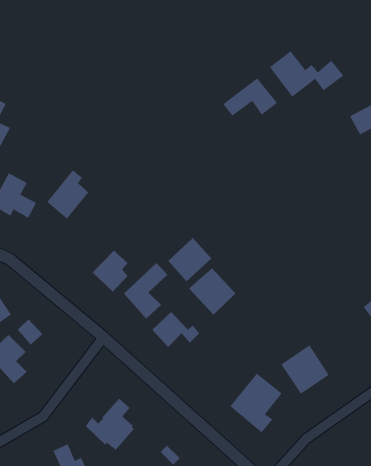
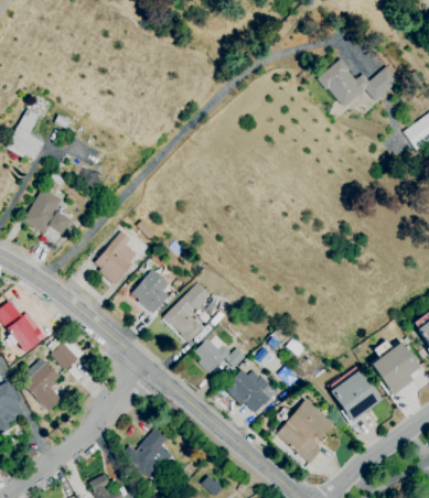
building: [223,78,278,116] -> none
building: [46,170,89,220] -> [93,230,138,283]
building: [167,237,212,282] -> none
building: [188,268,236,316] -> [226,365,277,415]
building: none -> [371,340,420,396]

